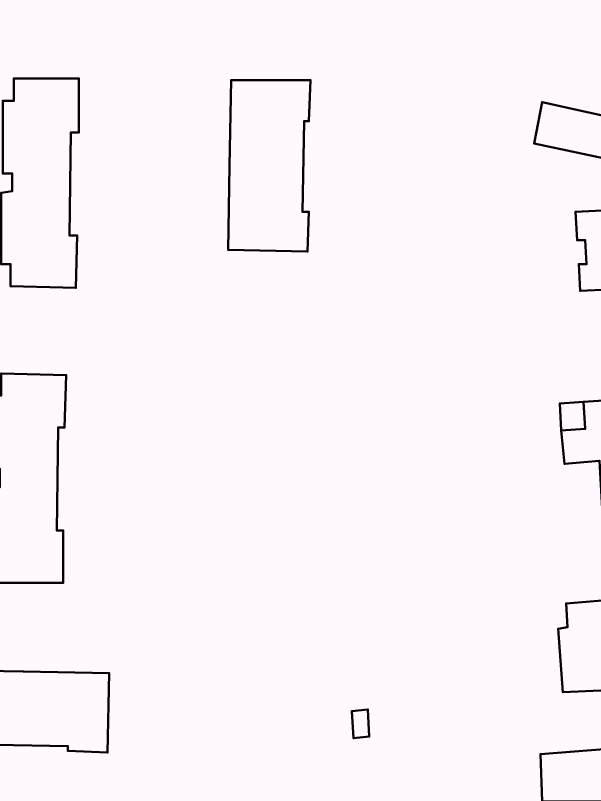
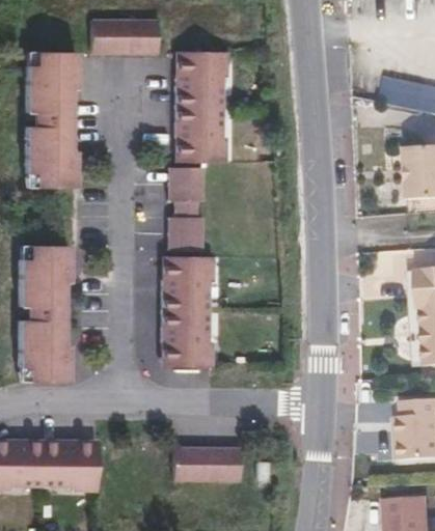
building: none -> [94,22,162,56]
building: none -> [170,170,205,254]
building: none -> [162,258,216,370]
building: none -> [172,450,241,485]

